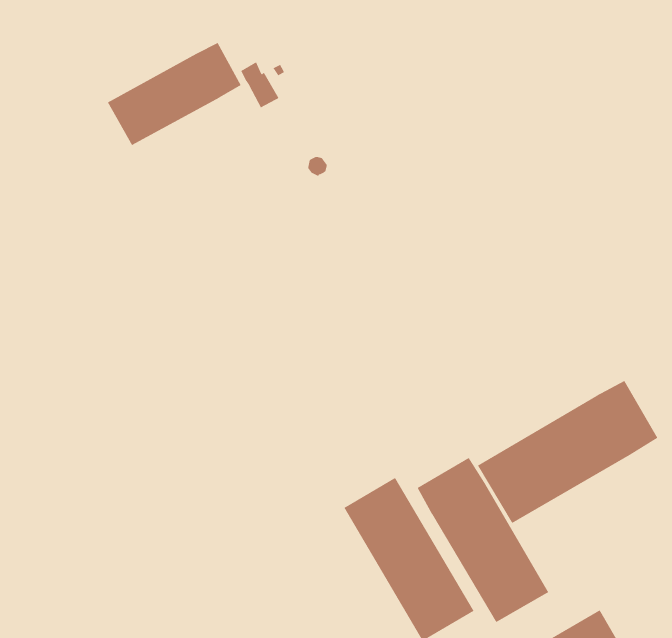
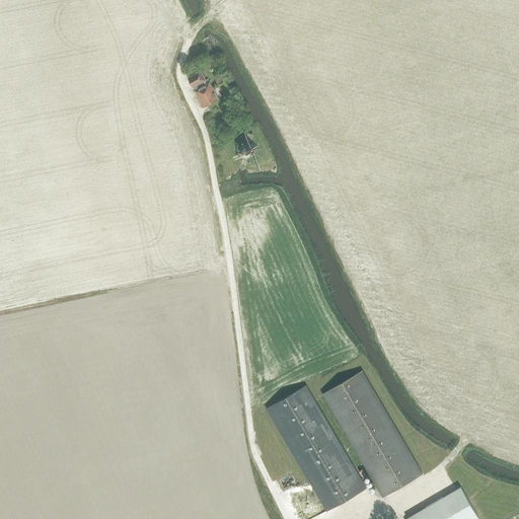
building: [107,42,241,146] -> none
building: [477,380,658,524] -> none

